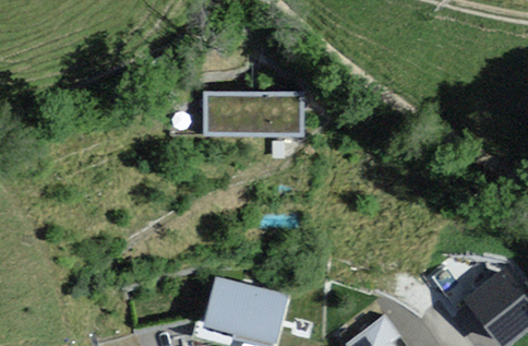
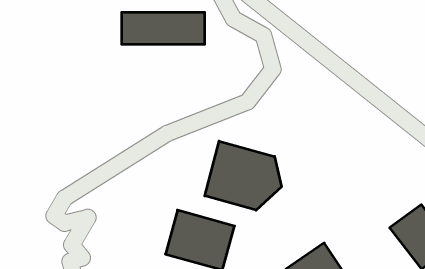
building: [204,93,301,130] -> [122,12,205,44]
building: none -> [205,141,282,210]

